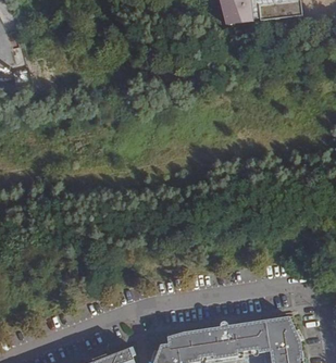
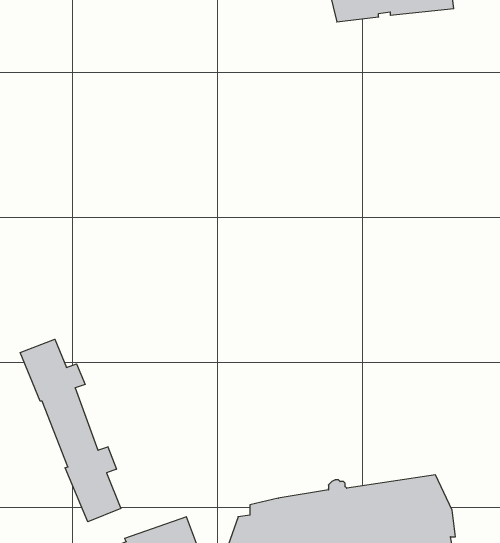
building: none -> [20,339,121,522]

